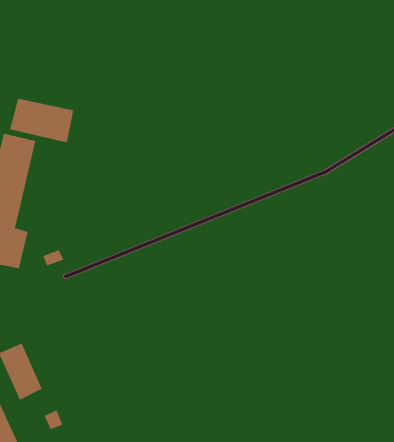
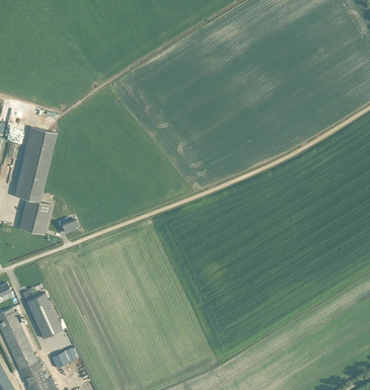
building: [9,98,74,143] -> none

